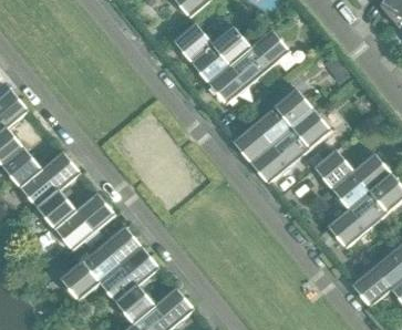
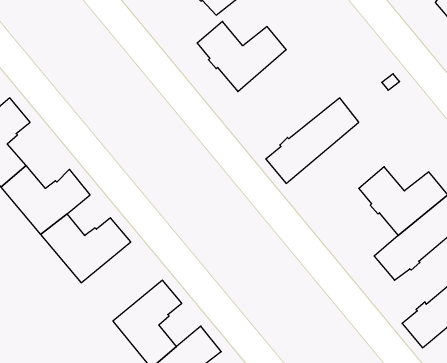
building: [208,29,289,104] -> none
building: [250,110,331,183] -> none
building: [61,226,143,300] -> none

